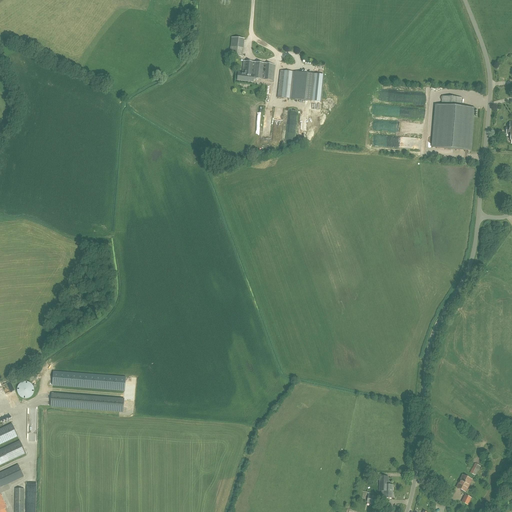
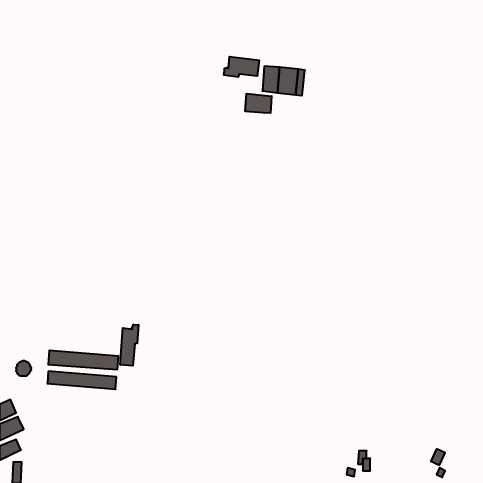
building: [431,95,473,150] -> none
building: none -> [245,94,272,113]
building: none -> [120,325,138,366]

